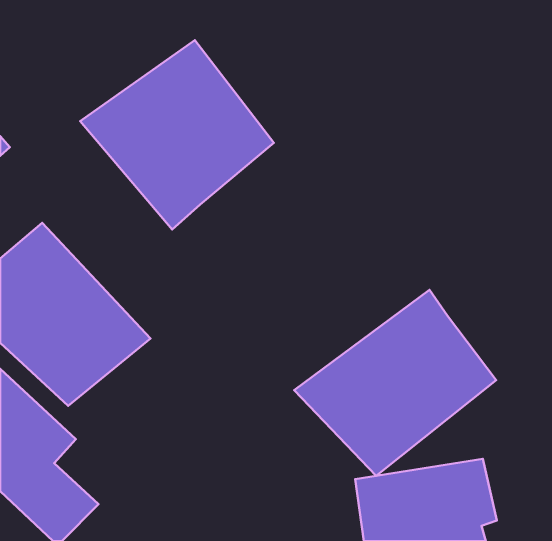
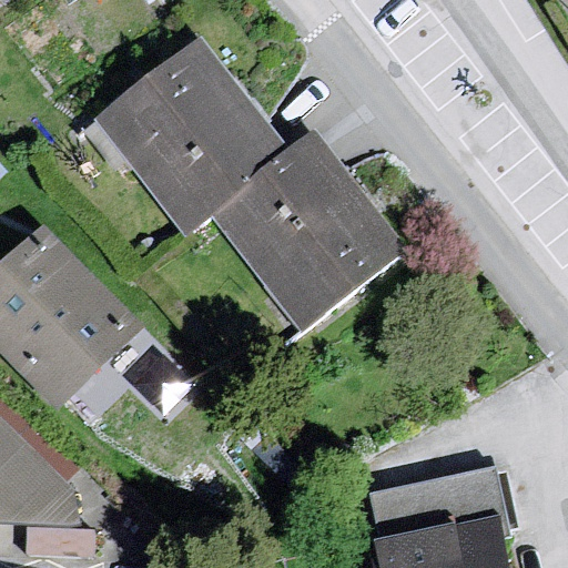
building: none -> [206,130,403,339]
building: [294,290,496,476] -> none

